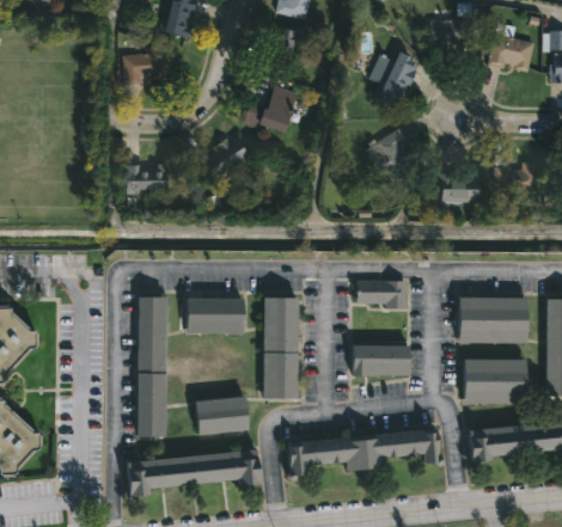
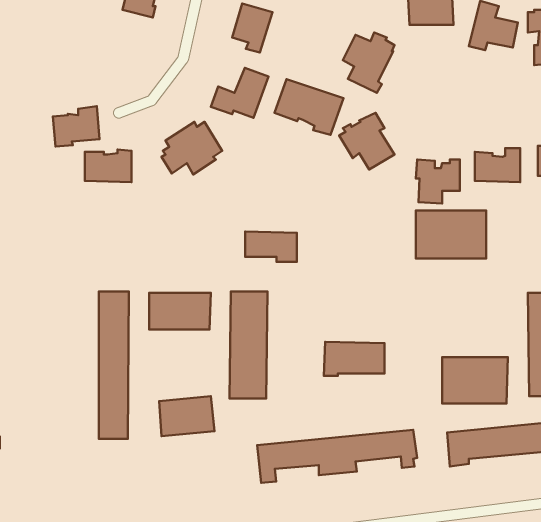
building: [123,45,167,84] -> [53,106,99,147]
building: none -> [274,79,344,135]
building: [358,280,407,308] -> [245,232,297,262]
building: [459,298,526,343] -> [416,211,486,258]
building: [126,451,259,498] -> none

